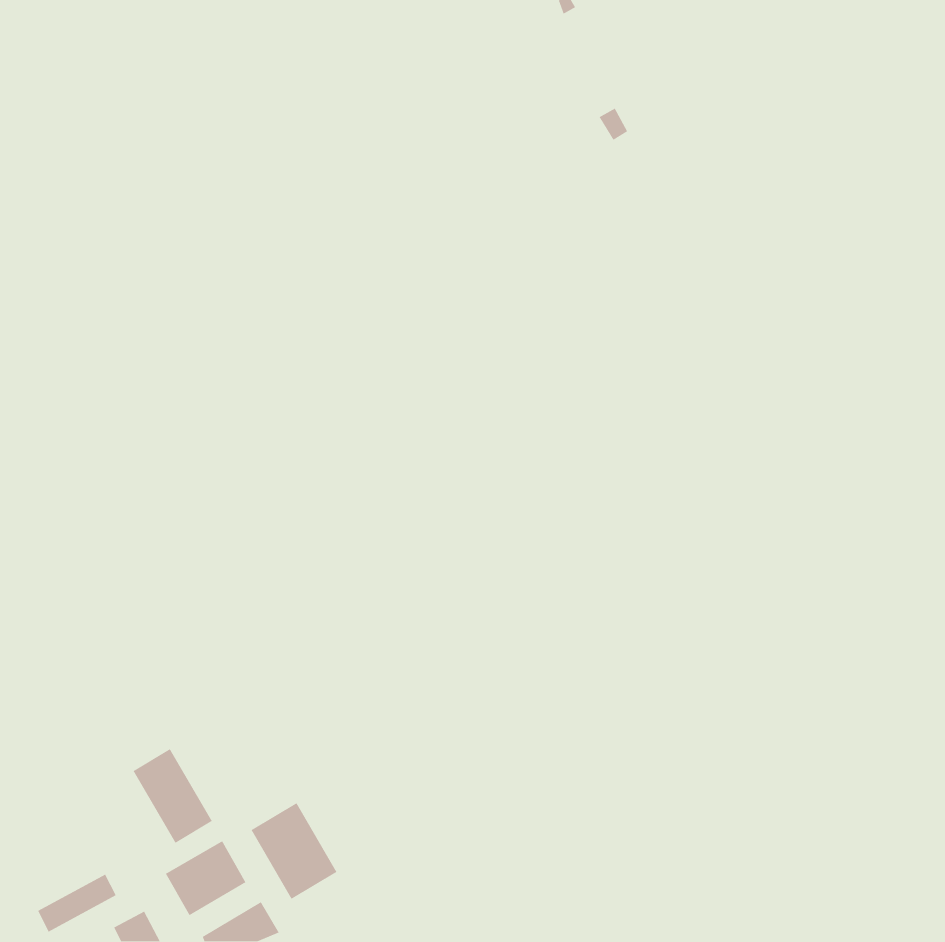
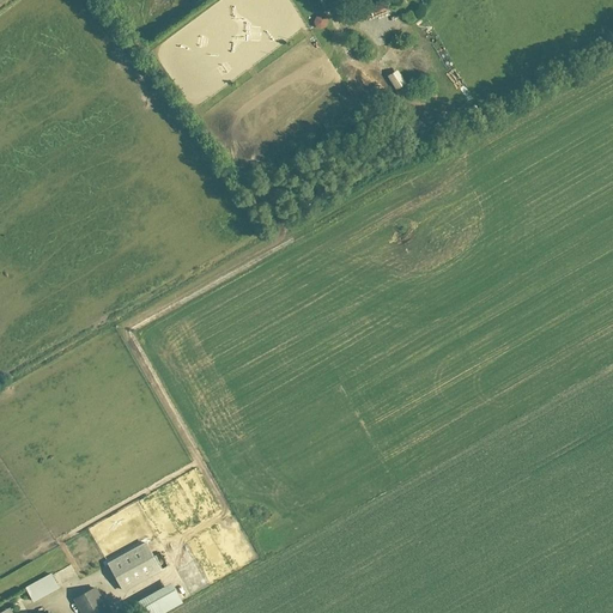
building: [133,748,213,844] -> none
building: [251,802,338,900] -> none

